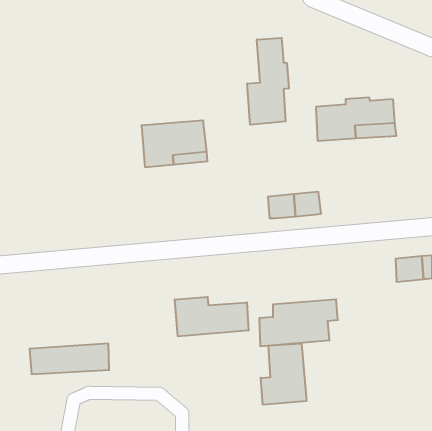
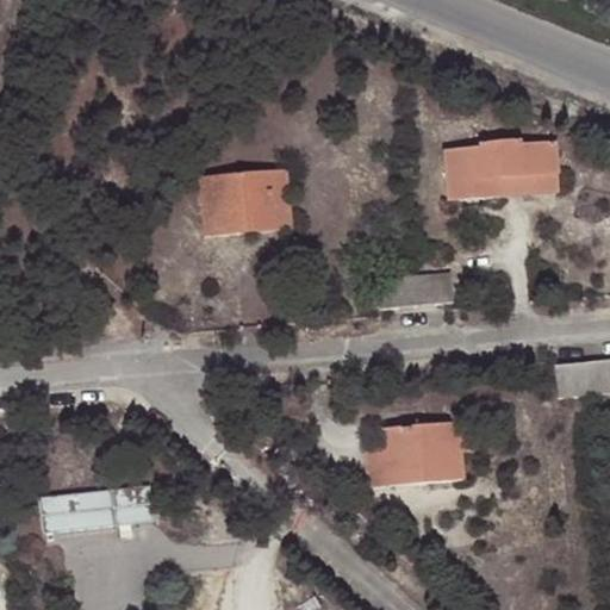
building: [247,38,289,125] -> none
building: [175,297,248,336] -> none
building: [261,343,306,405] -> none

